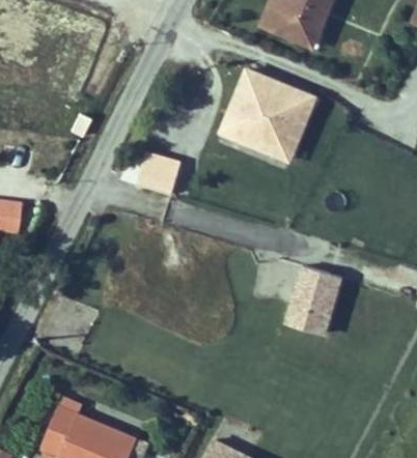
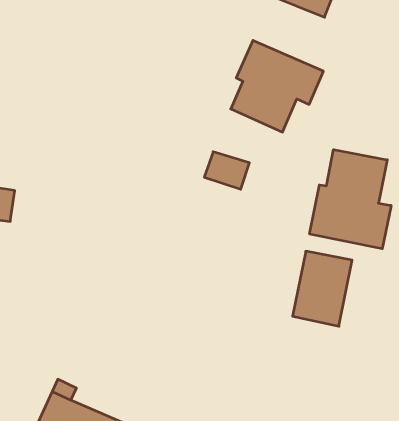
building: [136,160,178,195] -> [204,152,249,189]
building: none -> [310,150,391,249]

